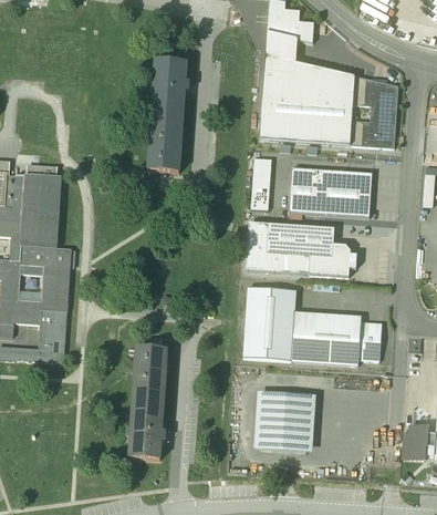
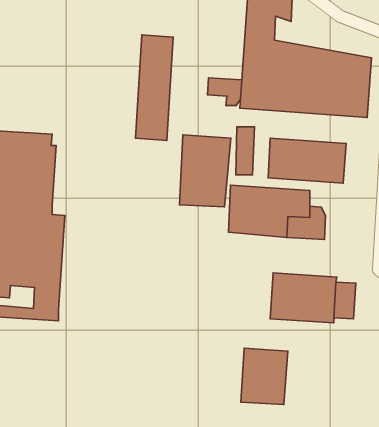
building: none -> [207,78,242,106]
building: [242,284,296,360] -> [180,135,231,207]
building: [125,347,167,459] -> none

